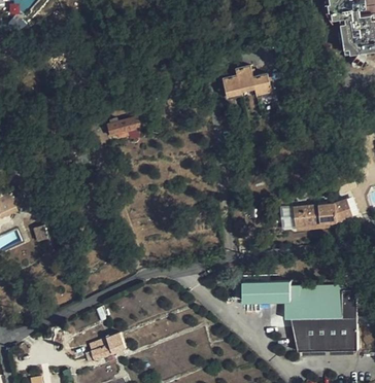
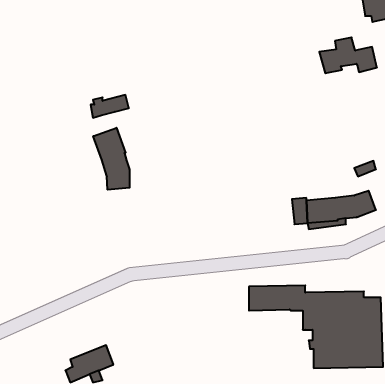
building: [220,66,270,97] -> [319,37,377,73]
building: none -> [93,128,130,190]

